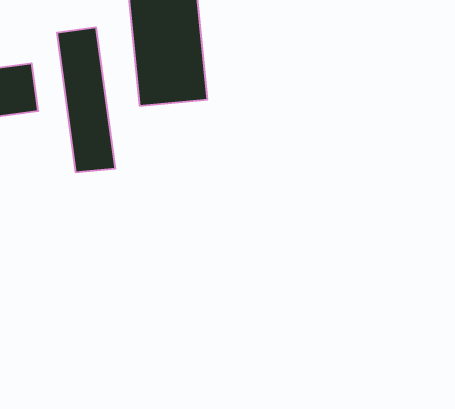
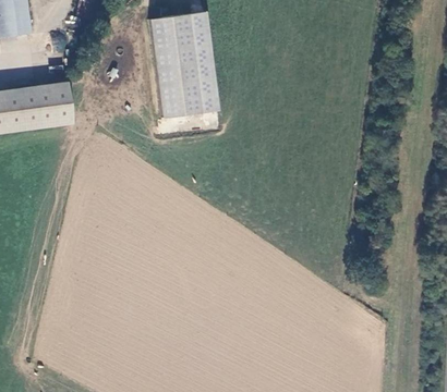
building: [57,27,115,172] -> none

